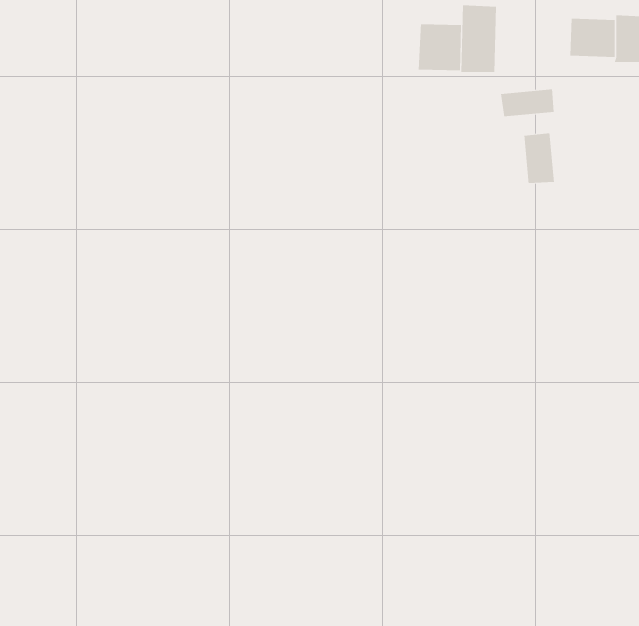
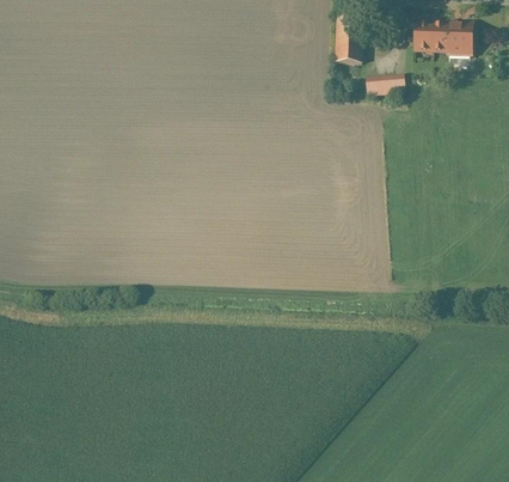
building: [418,24,461,71] -> none
building: [524,132,554,184] -> none

